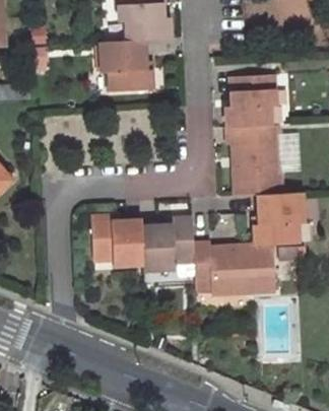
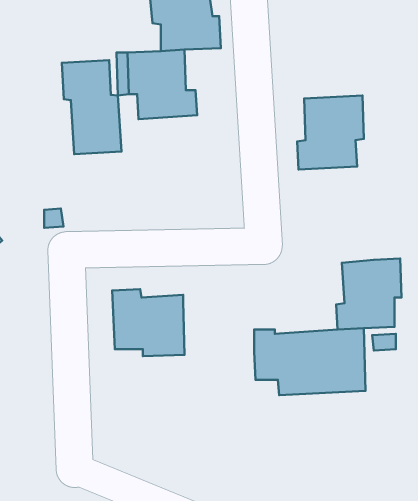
building: none -> [62,60,121,154]
building: [226,126,281,197] -> none
building: [142,218,194,268] -> none

